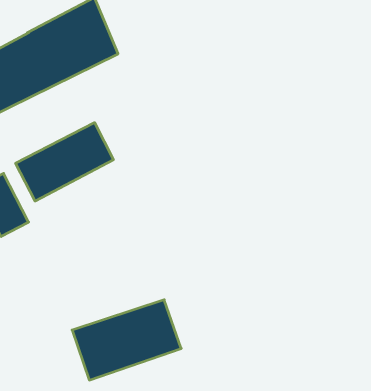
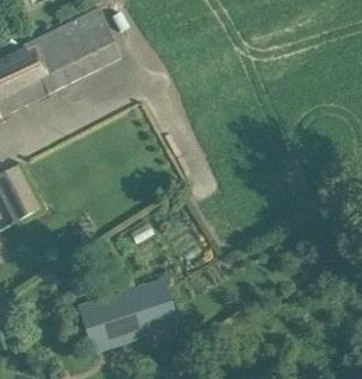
building: [16,123,113,201] -> none

